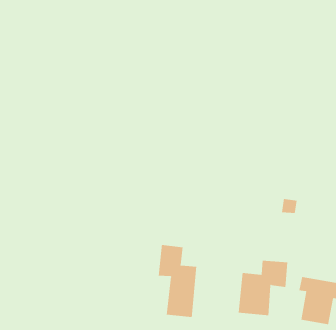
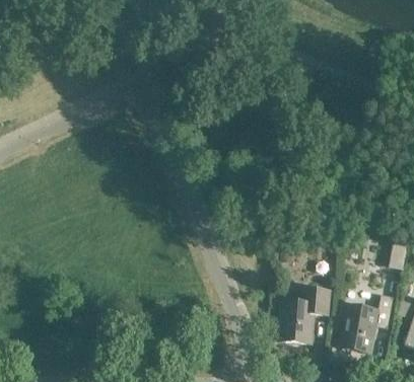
building: [158,244,197,318] -> none

